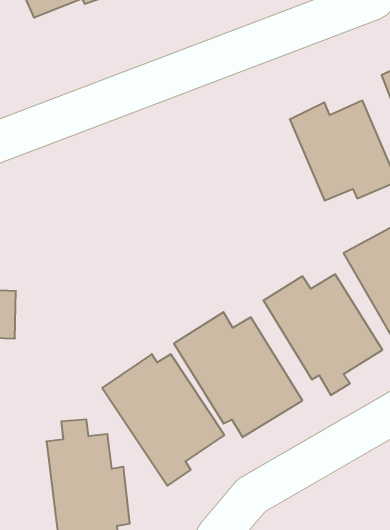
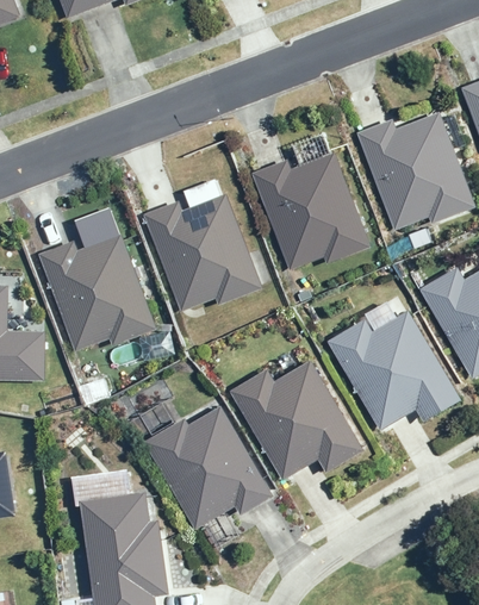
building: none -> [248,152,373,268]
building: none -> [143,195,265,307]
building: none -> [38,231,158,351]

